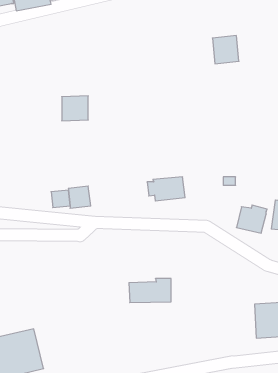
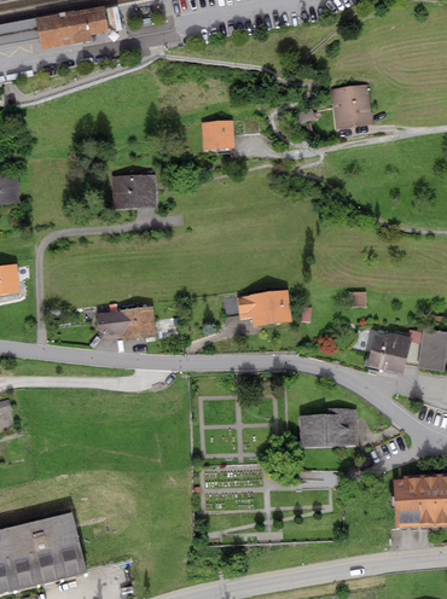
building: none -> [203,120,234,150]
building: [129,279,171,303] -> [298,408,360,443]

